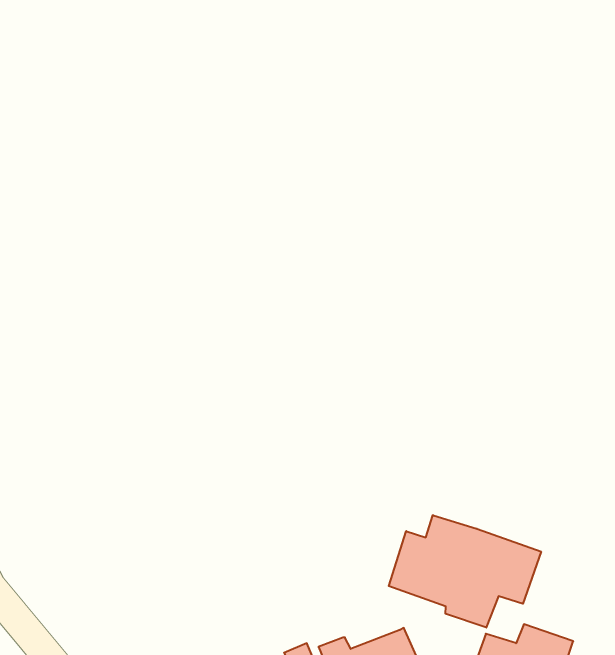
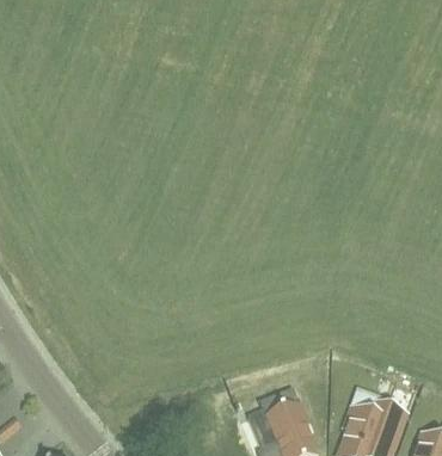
building: [389,515,541,628] -> none

